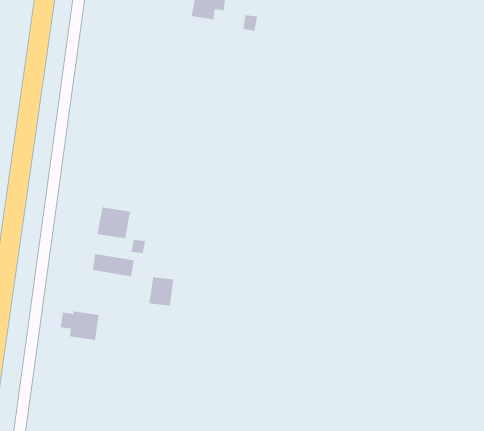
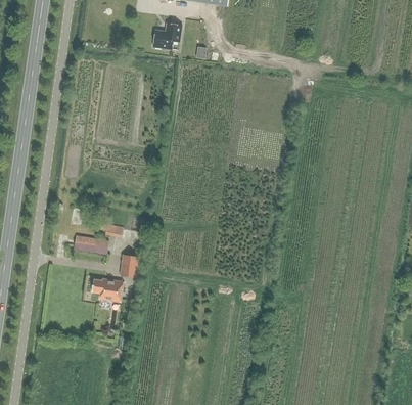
building: [97,207,131,239] -> none
building: [60,311,100,340] -> [92,278,124,302]

